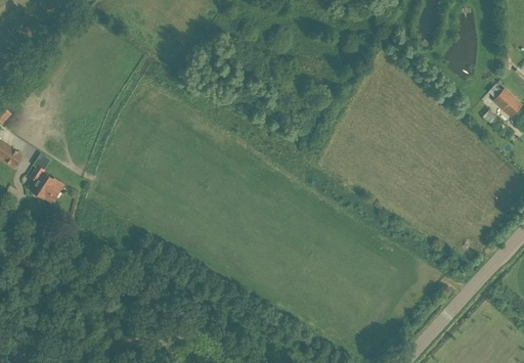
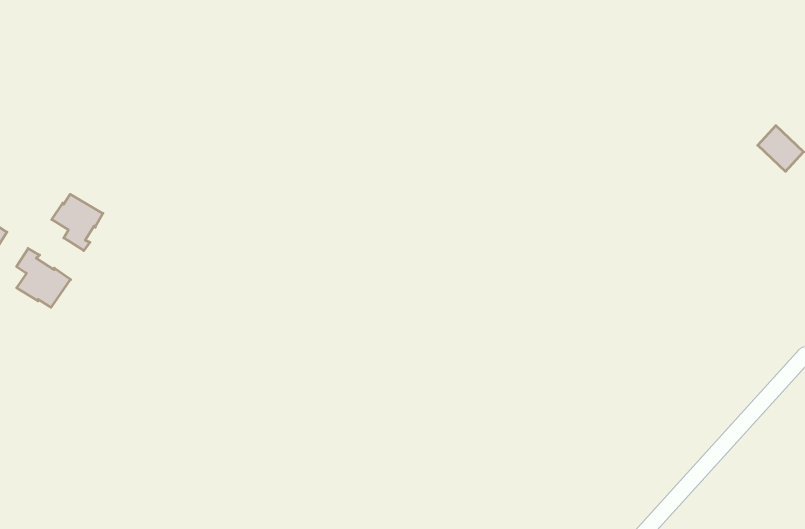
building: none -> [52,194,103,251]

